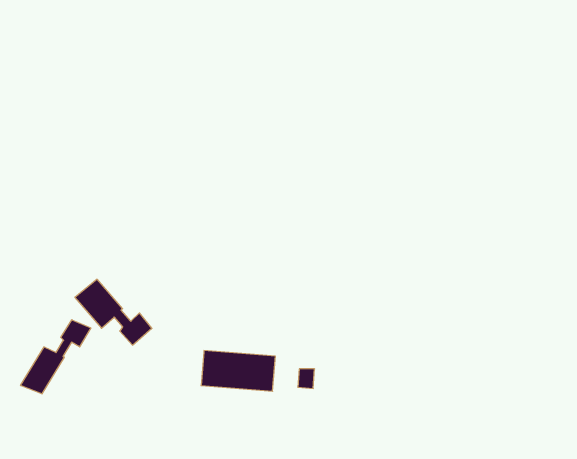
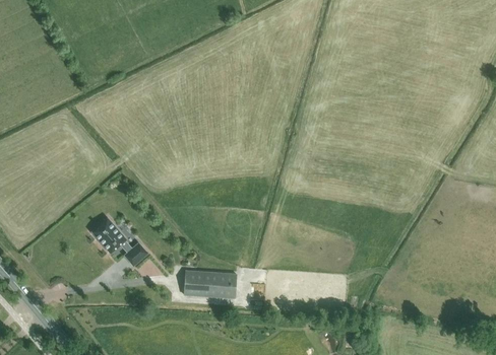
building: [21,320,91,394] -> none

